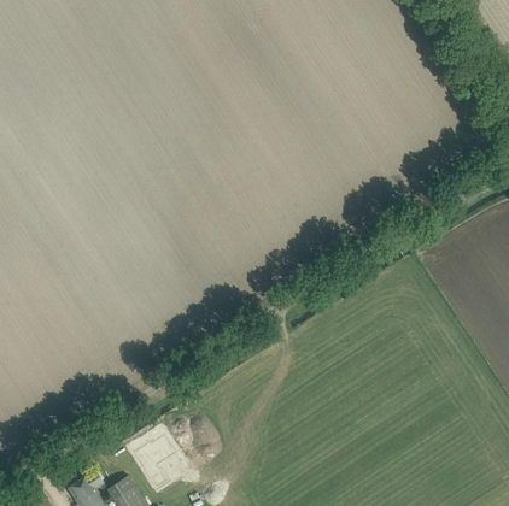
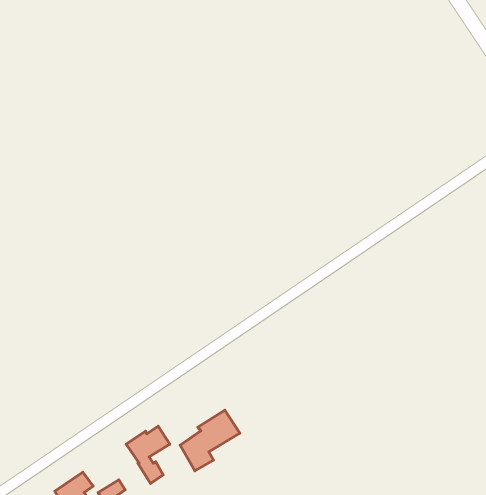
building: none -> [180,410,240,471]

